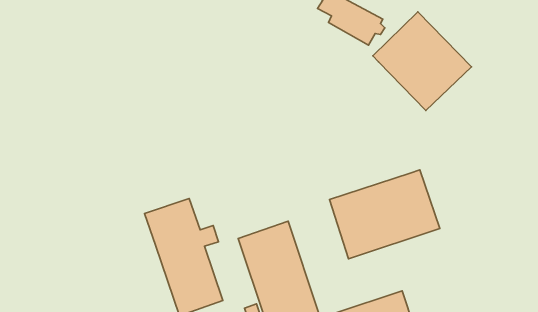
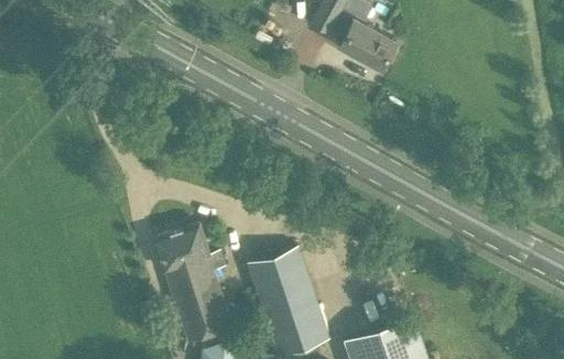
building: [373,12,472,111] -> none
building: [330,170,440,259] -> none

